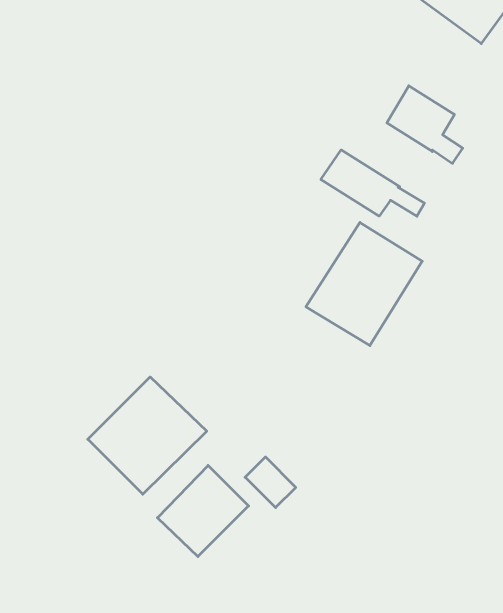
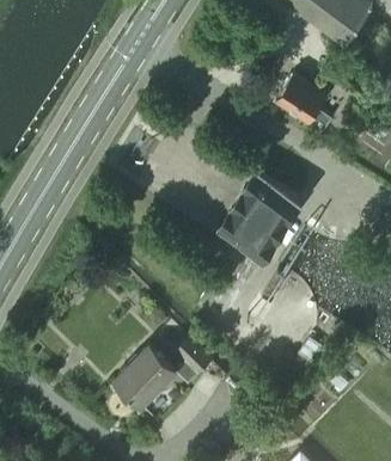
building: [321,150,424,216] -> none
building: [88,377,207,494] -> none

